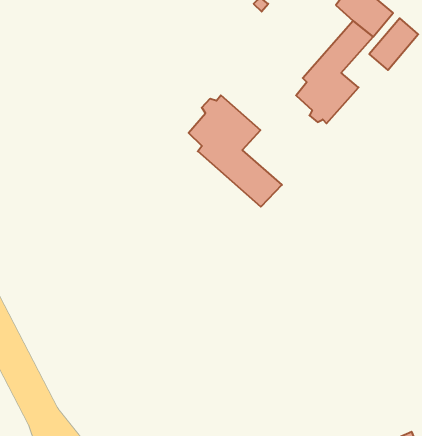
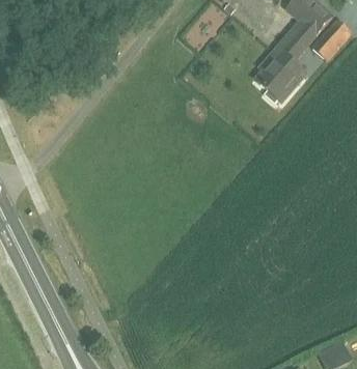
building: [189,95,282,207] -> none

